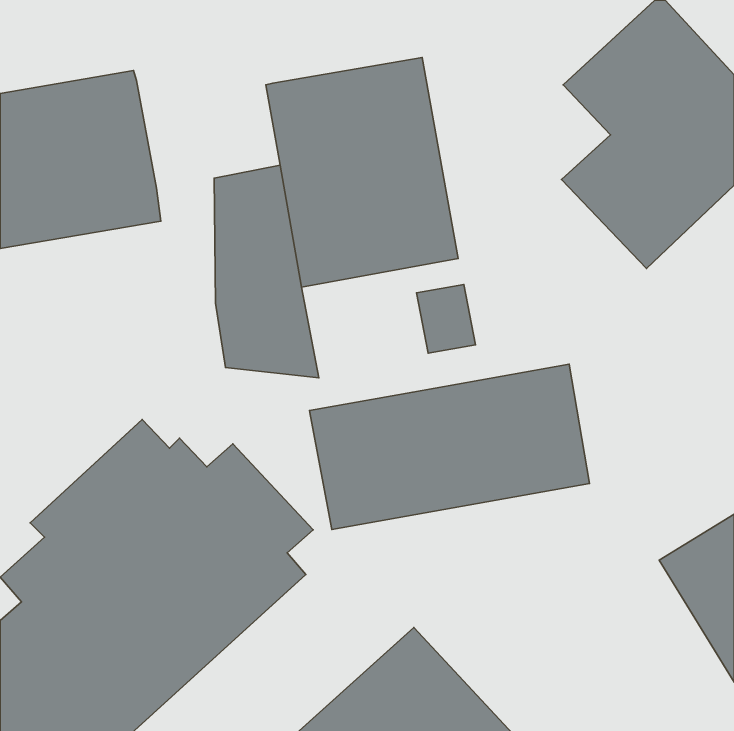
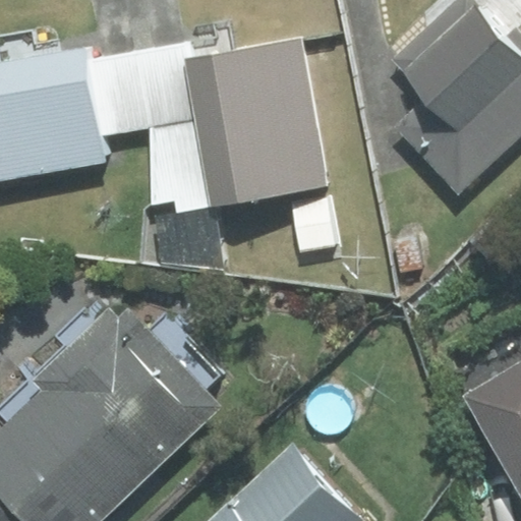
building: none -> [97,43,198,135]
building: [310,364,590,530] -> none

